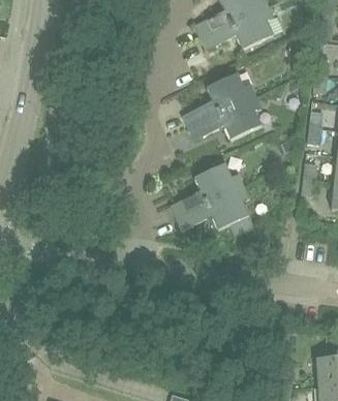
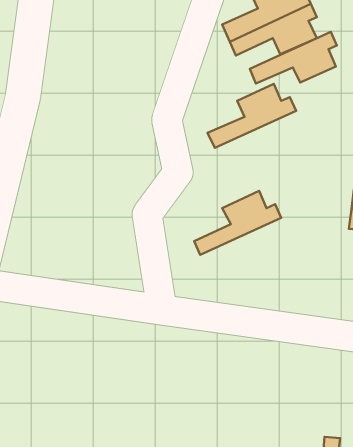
building: [187,95,260,138] -> [250,32,337,84]
building: [175,185,253,235] -> none

